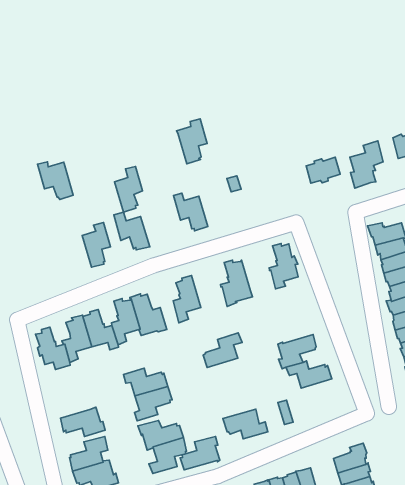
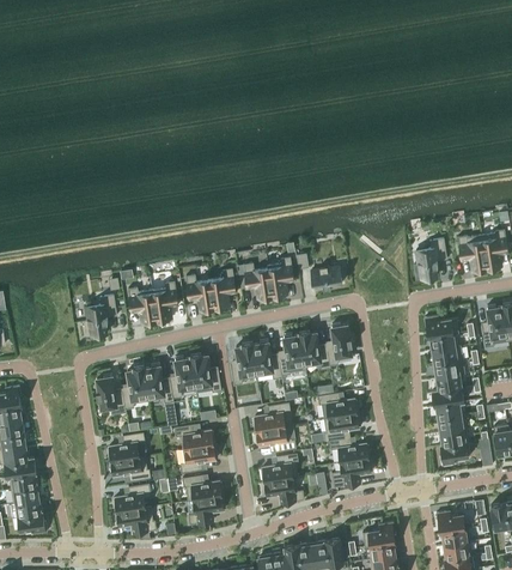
building: [176,119,207,164] -> [267,257,294,298]
building: [306,157,340,183] -> [311,266,342,289]
building: [38,162,73,199] -> [128,287,158,325]
building: [115,166,142,212] -> [211,268,236,310]
building: none -> [84,295,117,335]
building: none -> [299,331,330,369]
building: none -> [251,339,282,378]
building: none -> [318,393,359,418]
building: none -> [255,426,295,451]
building: none -> [331,457,372,487]
building: none -> [108,432,145,461]
building: [180,437,220,470] -> [261,454,298,481]

